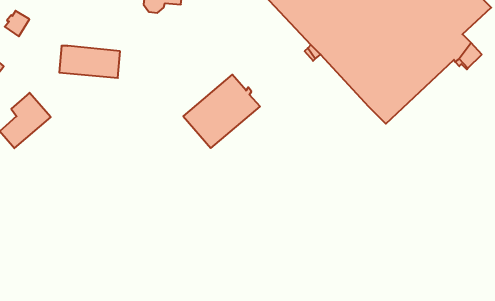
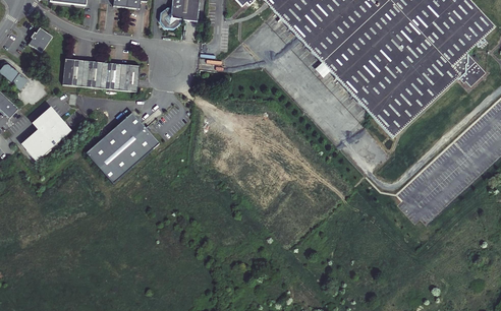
building: none -> [61,58,82,85]
building: [183,75,260,148] -> [85,112,158,182]

